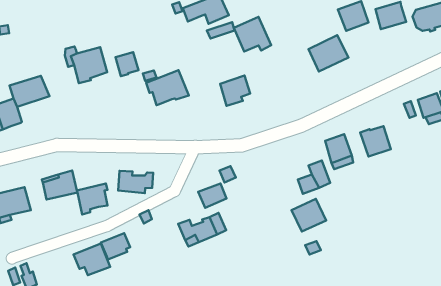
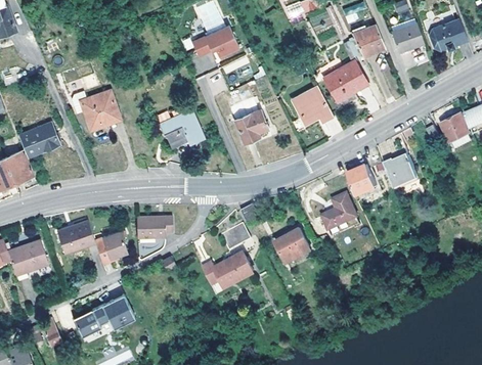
building: [234,17,271,51] -> [293,86,333,123]
building: [116,52,138,76] -> none
building: [291,199,326,232] -> [274,228,311,263]
building: [101,233,130,260] -> [72,307,102,335]

